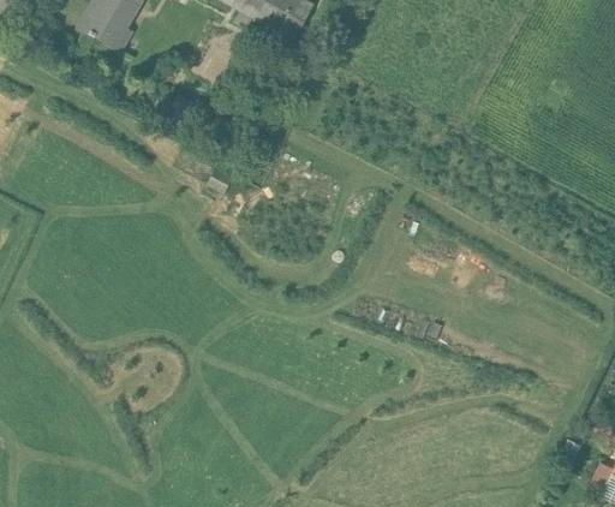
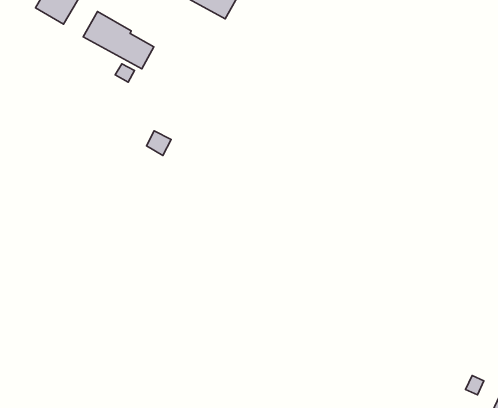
building: none -> [83,12,154,69]

